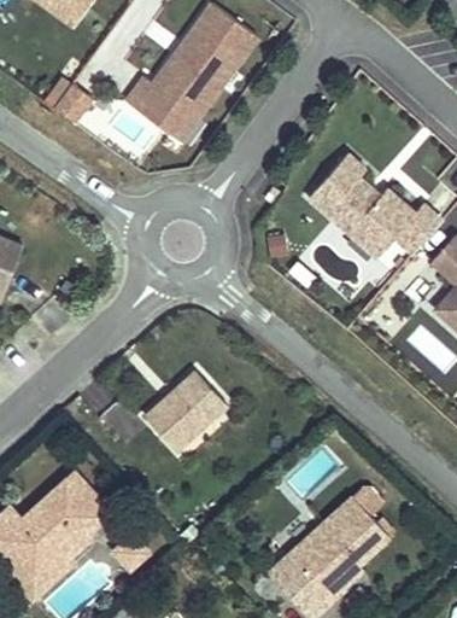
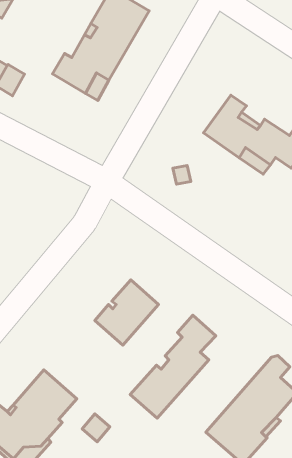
building: none -> [130,315,216,418]

